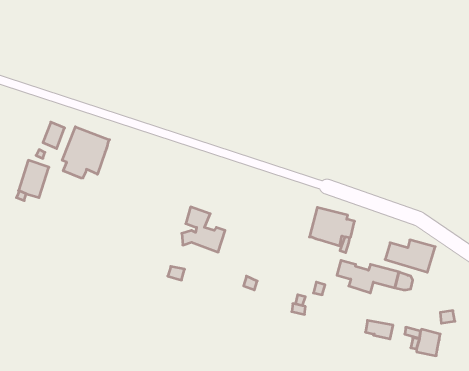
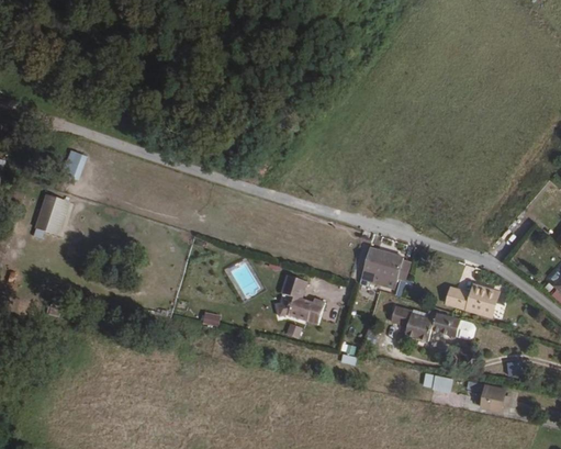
building: [62,127,110,178] -> none
building: [182,207,225,252] -> [276,274,324,325]

